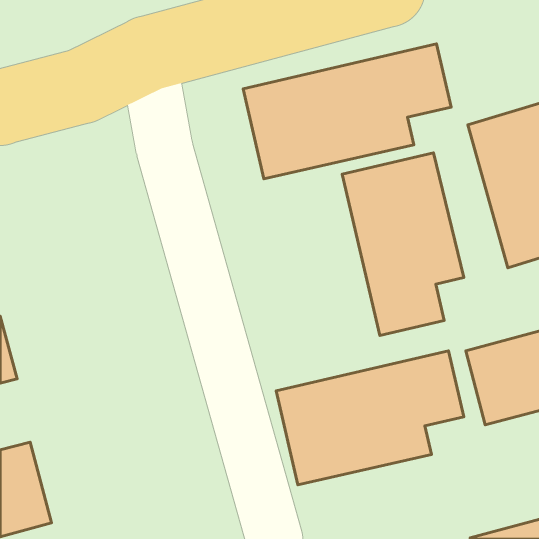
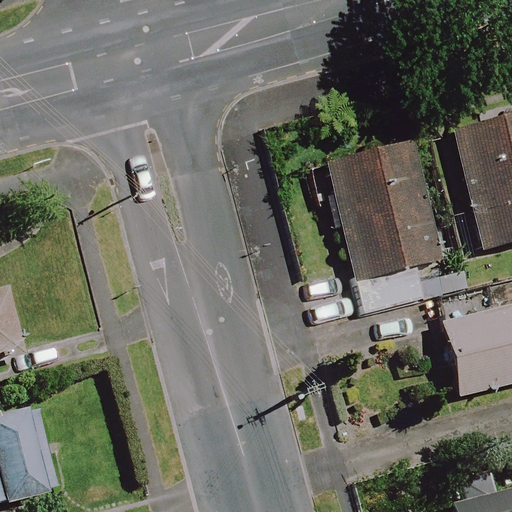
building: [243,44,451,179] -> none
building: [276,351,464,485] -> none

